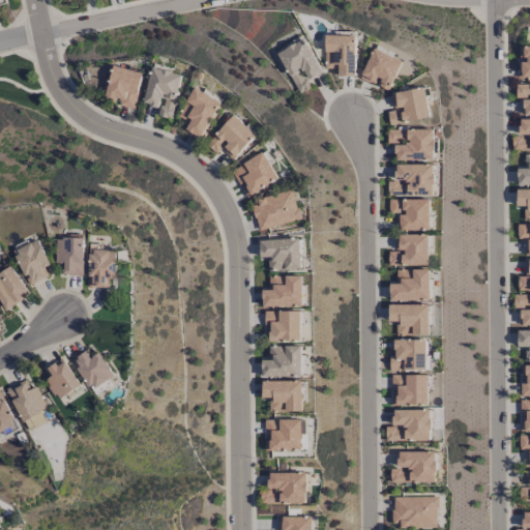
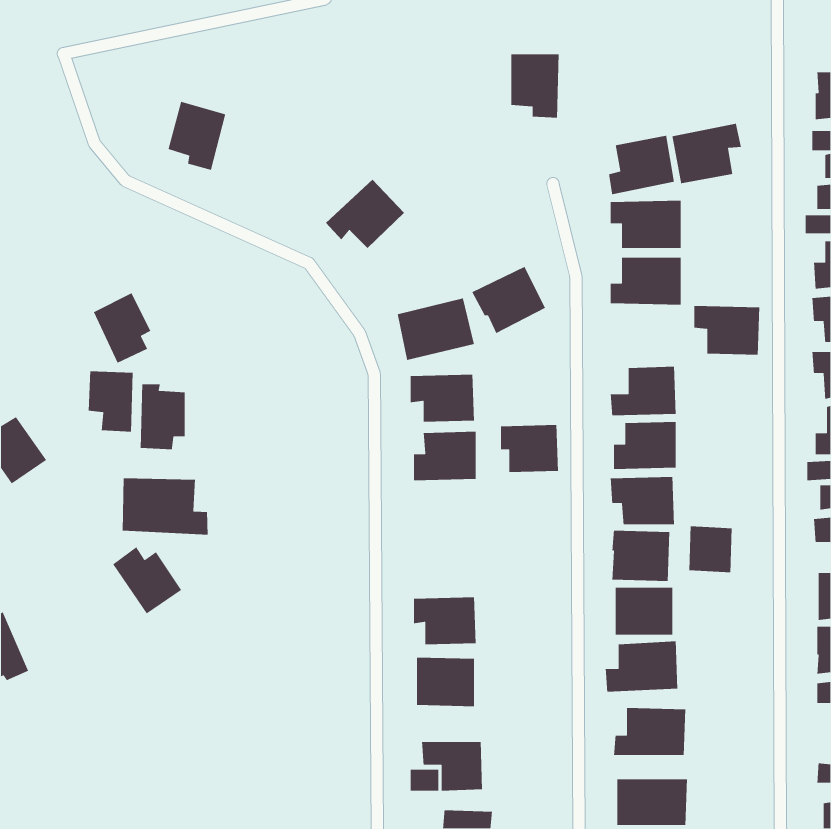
building: [276,36,323,93] -> none
building: [360,47,403,90] -> none
building: [145,66,183,118] -> none
building: none -> [671,123,742,184]
building: [181,87,223,138] -> none
building: [232,152,279,196] -> [471,266,546,334]
building: [389,198,432,230] -> [693,305,760,356]
building: [13,239,51,285] -> [93,292,151,364]
building: none -> [122,477,209,535]
building: [265,310,302,341] -> [500,424,559,473]
building: none -> [688,525,732,573]
building: [262,345,303,377] -> none
building: [46,357,80,399] -> none
building: [6,378,47,430] -> none

